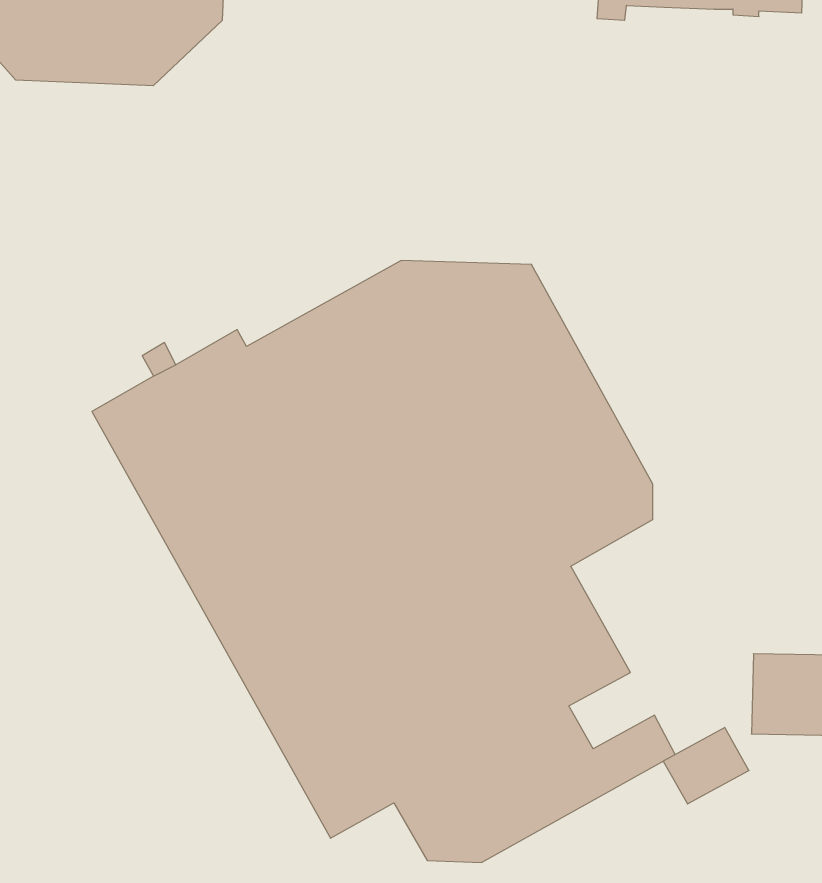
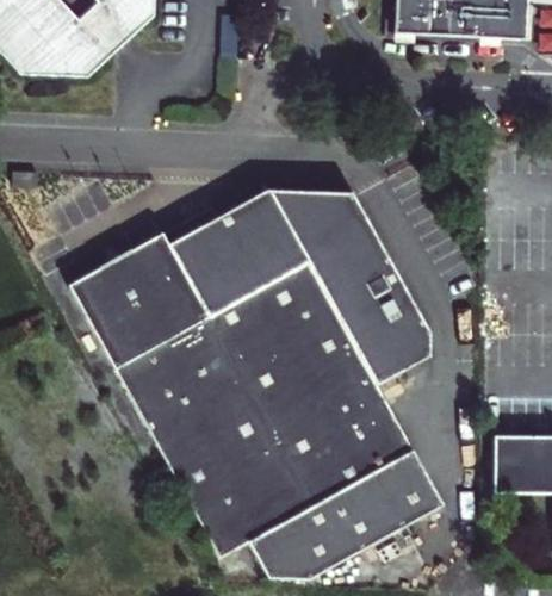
building: [663,727,749,804] -> [376,452,430,501]

